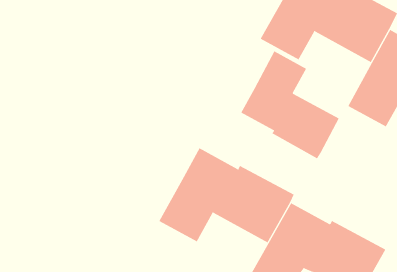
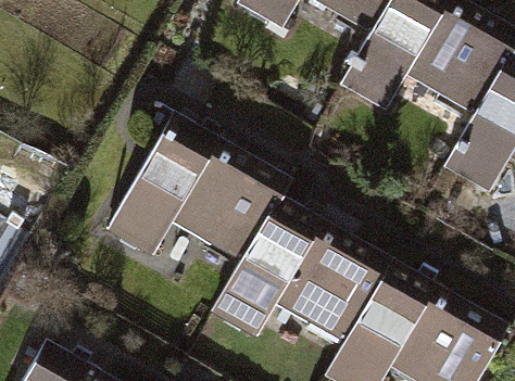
building: [241,51,340,159] -> none
building: none -> [113,134,280,252]

